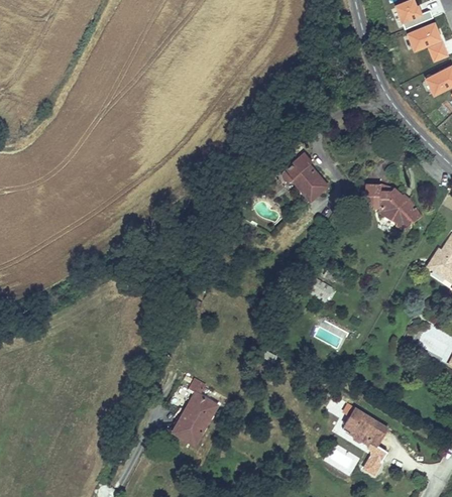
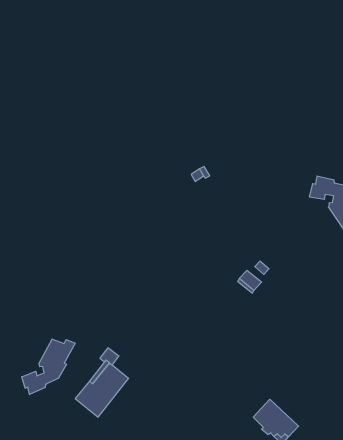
building: [279,152,328,204] -> none
building: none -> [22,339,75,395]

